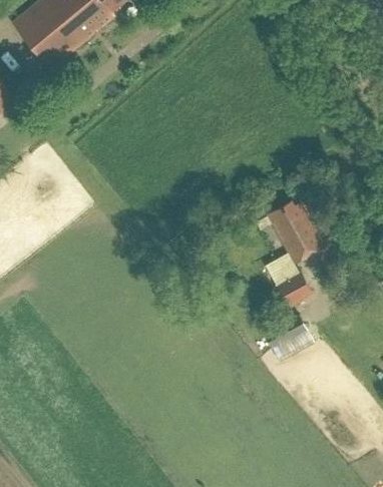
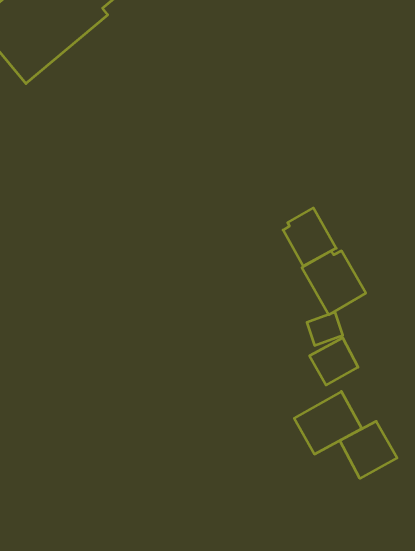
building: none -> [283,208,336,266]
building: none -> [340,421,397,478]

